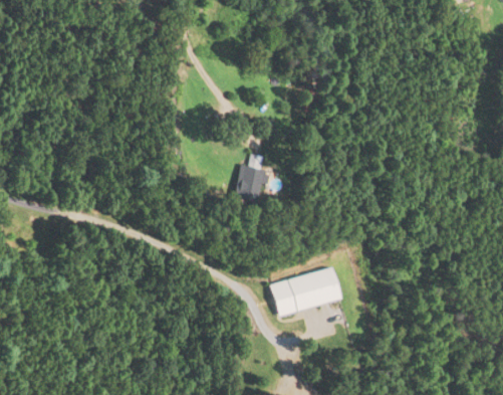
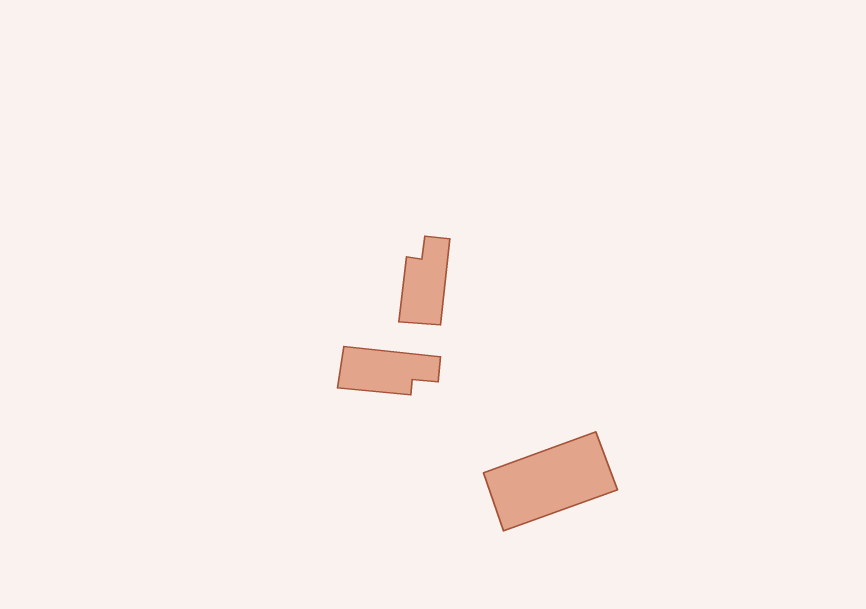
building: none -> [337,346,440,395]

